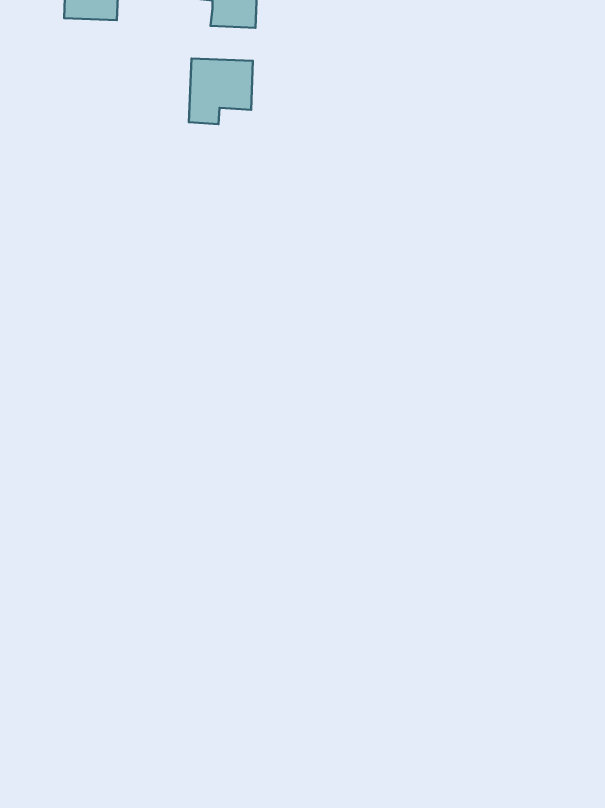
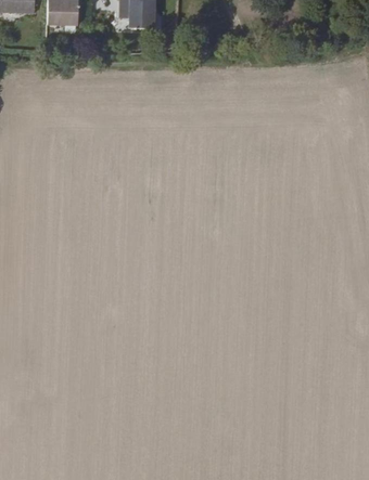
building: [189,58,253,124] -> none

